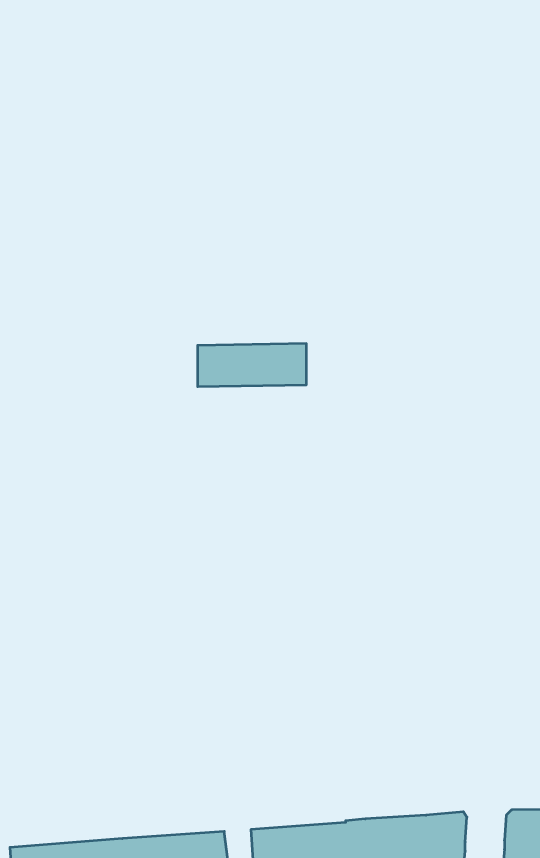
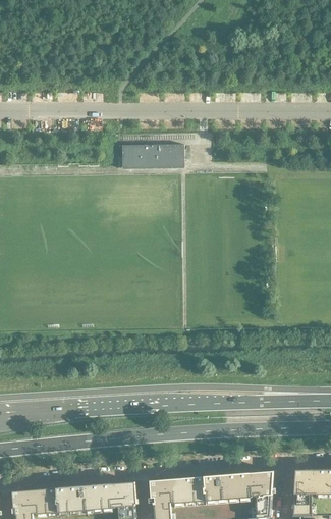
building: [198,344,306,387] -> [121,146,183,170]

